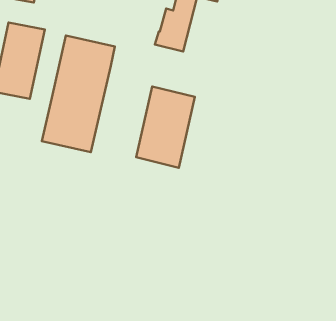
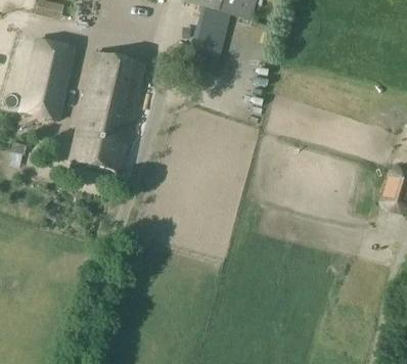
building: [136,86,195,168] -> none

